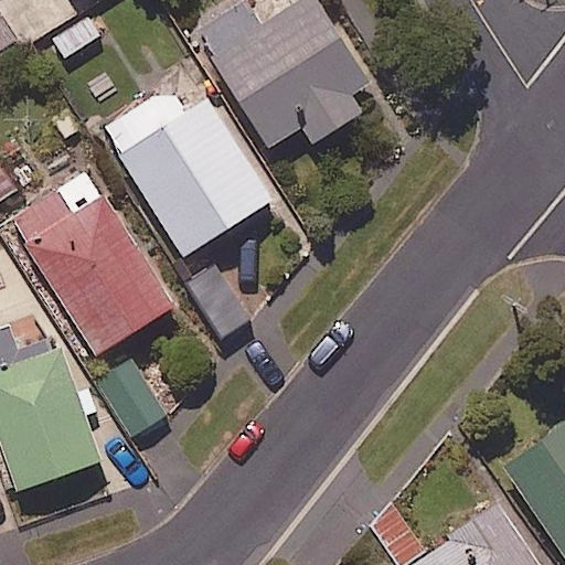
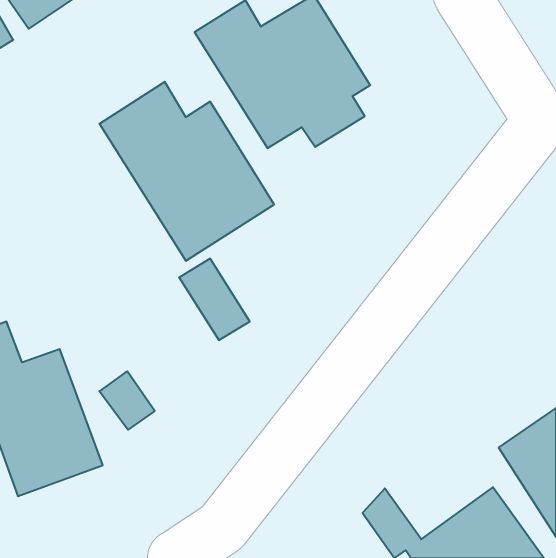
building: [9,169,175,360] -> none

